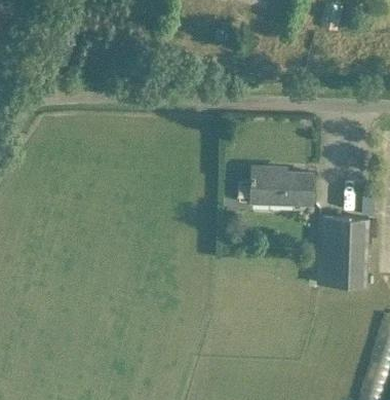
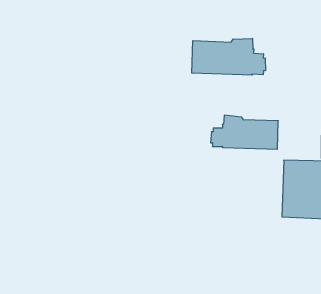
building: none -> [192,38,265,75]

